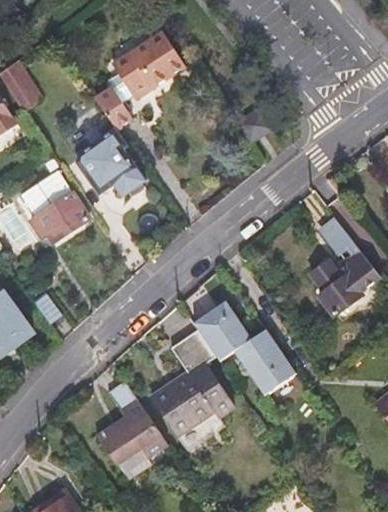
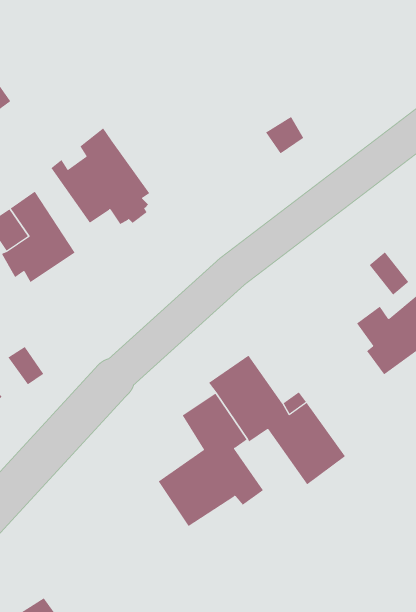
building: [95,34,184,129] -> none
building: [95,380,168,479] -> none

